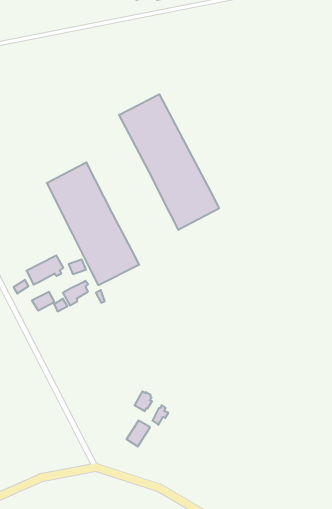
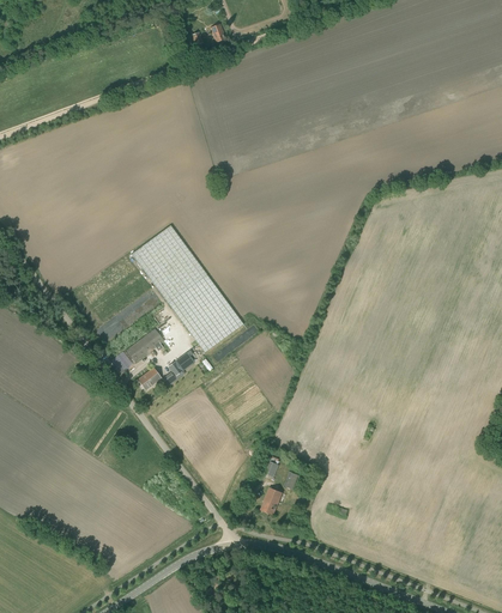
building: [119,94,219,230] -> none

